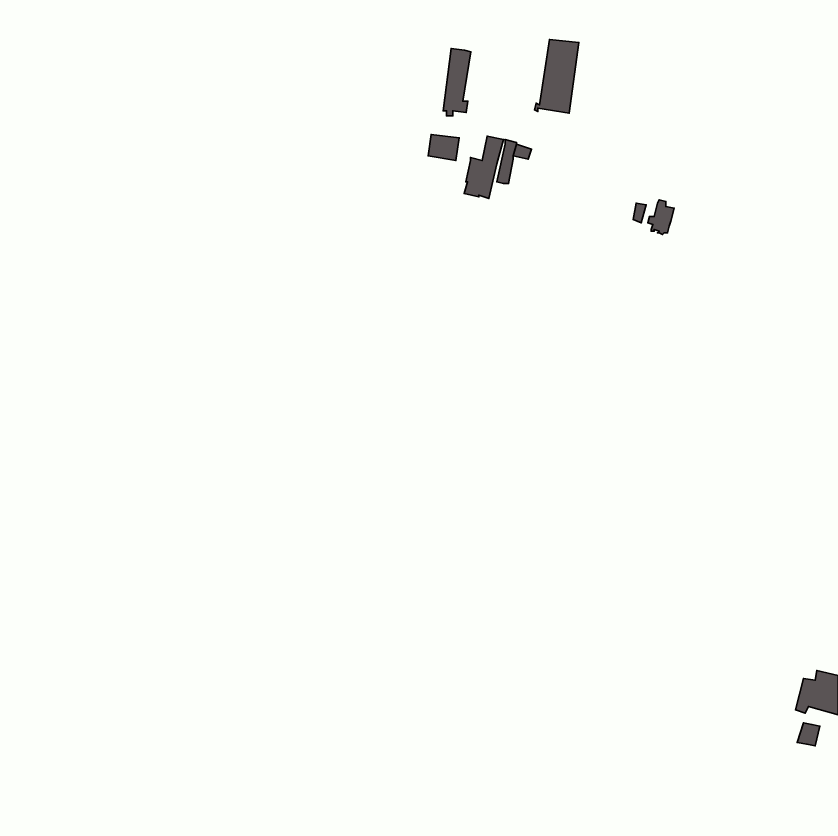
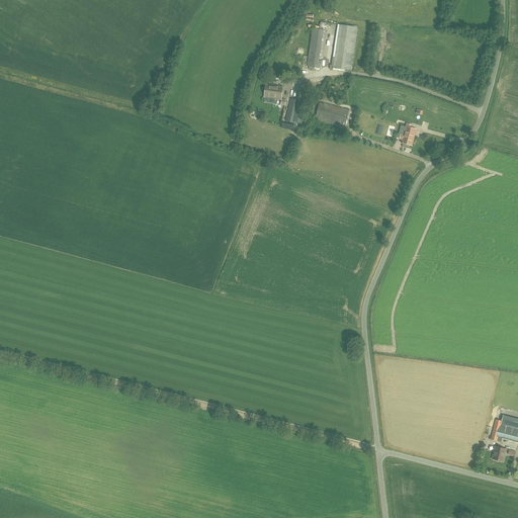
building: [443,49,471,116] -> [307,27,324,69]
building: none -> [316,101,349,127]

